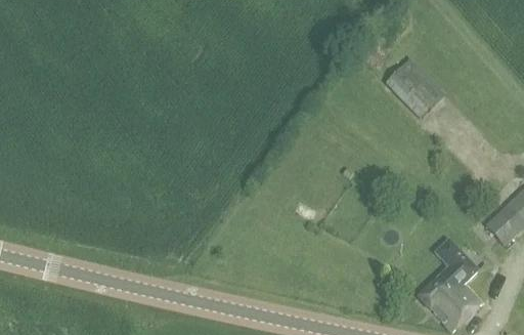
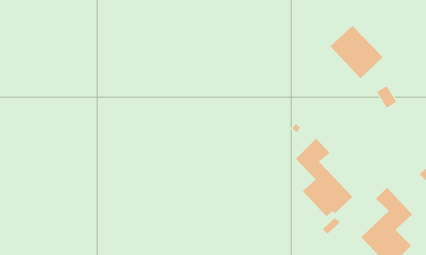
building: none -> [295,138,353,217]

